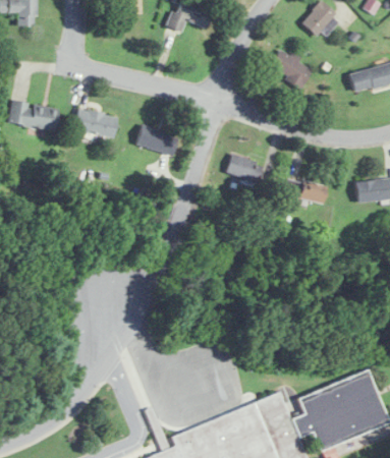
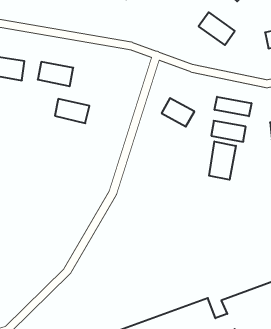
building: [137,125,179,155] -> [55,99,89,123]
building: none -> [215,97,251,116]
building: none -> [209,141,236,180]

